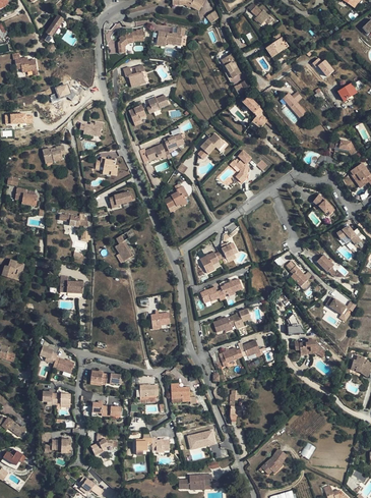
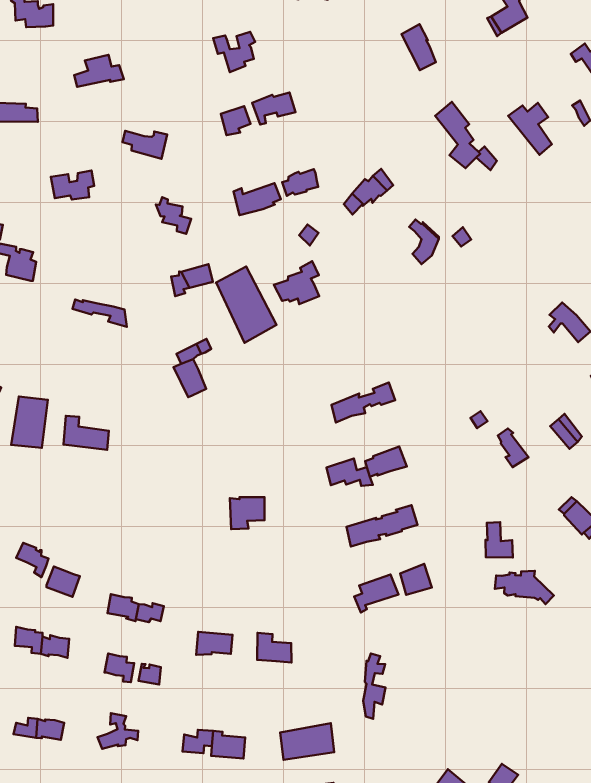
building: none -> [216,266,277,343]
building: none -> [11,397,48,448]

